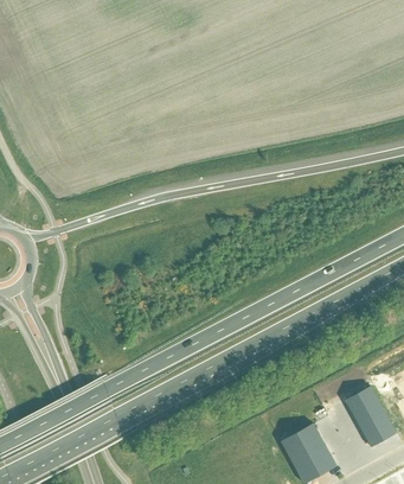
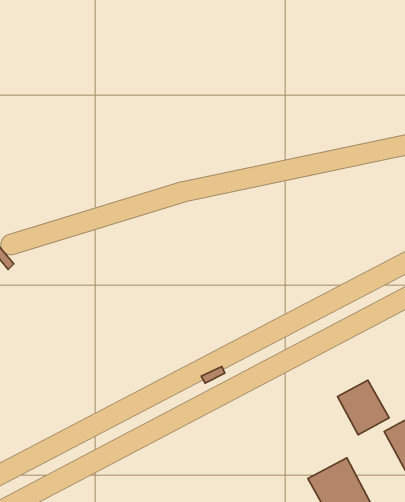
building: none -> [338,380,389,435]

